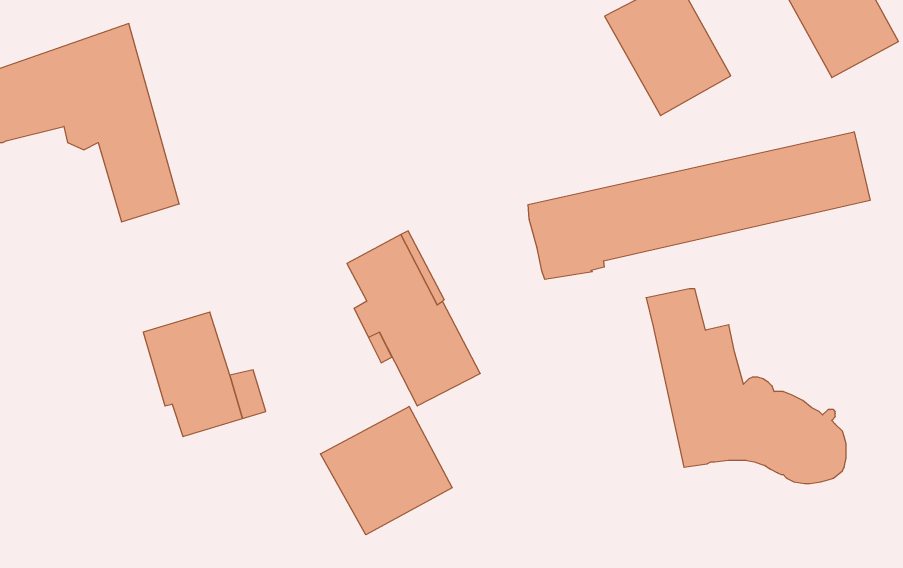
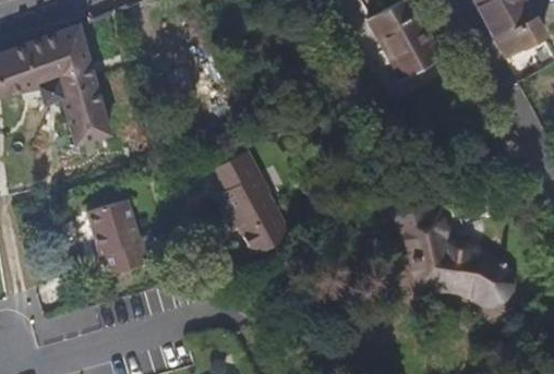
building: [528,132,870,279] -> none
building: [320,406,452,535] -> none

